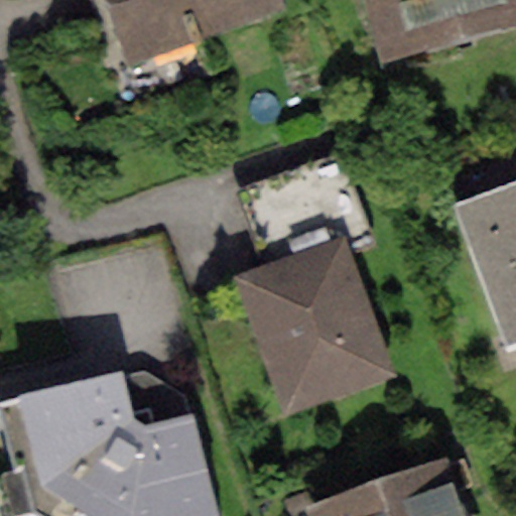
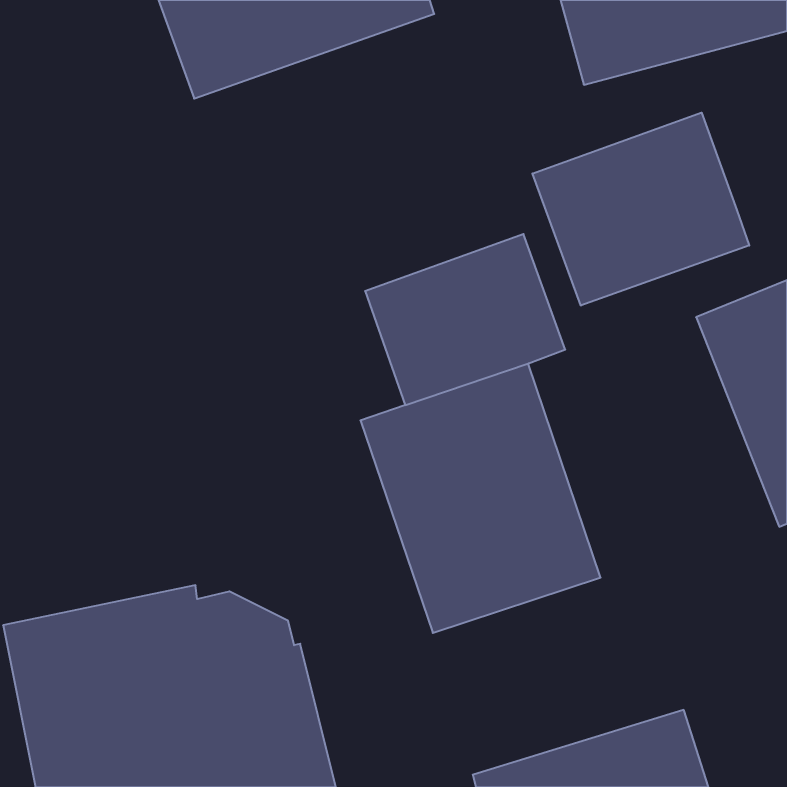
building: none -> [532,113,749,306]

